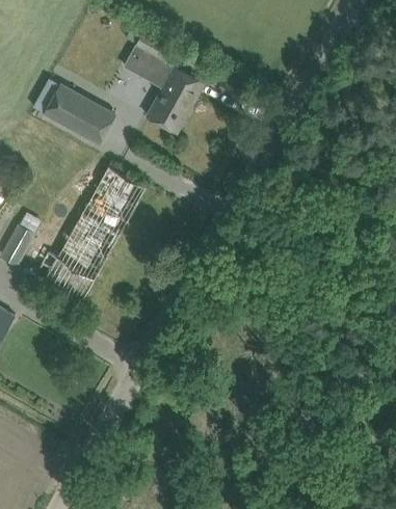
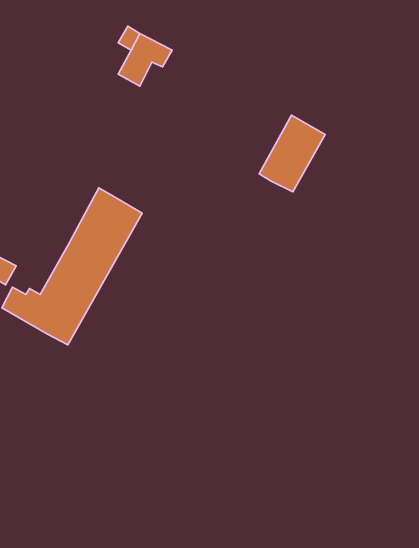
building: [146,66,203,133] -> [259,115,325,192]
building: [43,85,113,144] -> none

